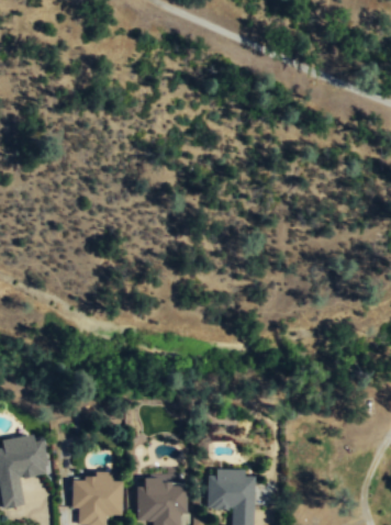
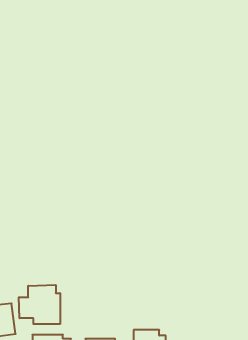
building: none -> [19,285,60,324]

